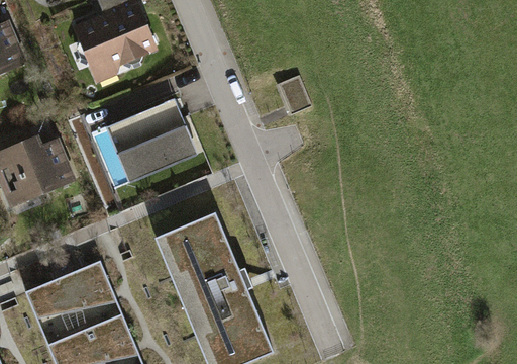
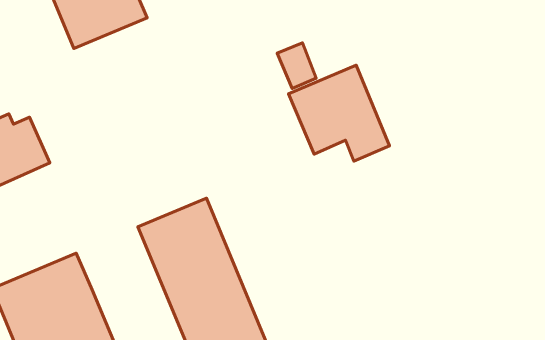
building: none -> [289,65,389,161]
building: [105,99,197,183] -> none

